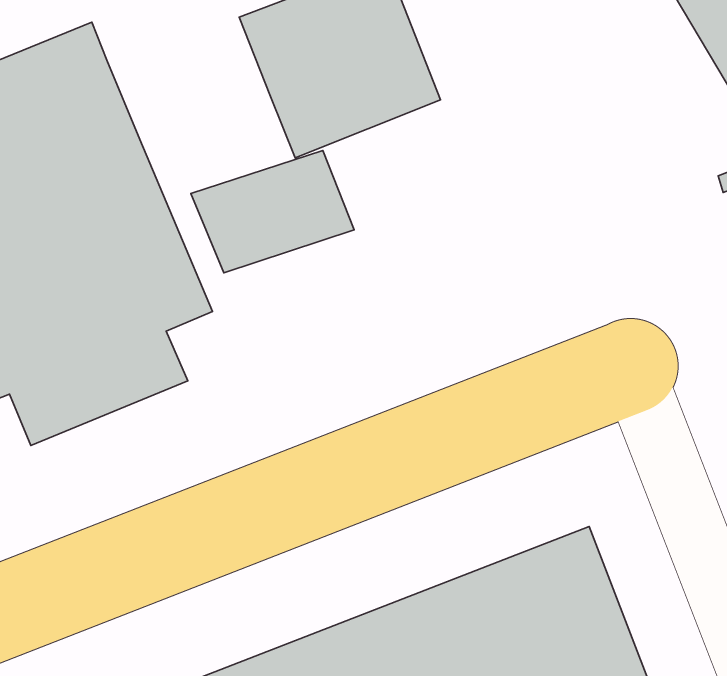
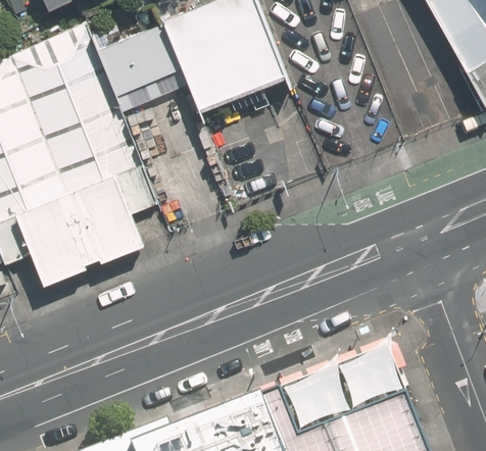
building: [191,150,354,273] -> [85,26,186,101]

